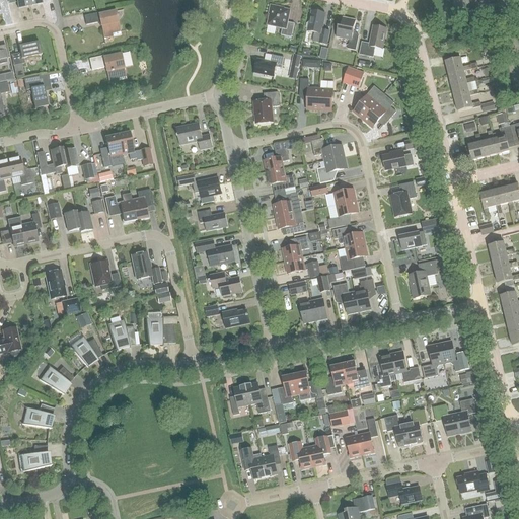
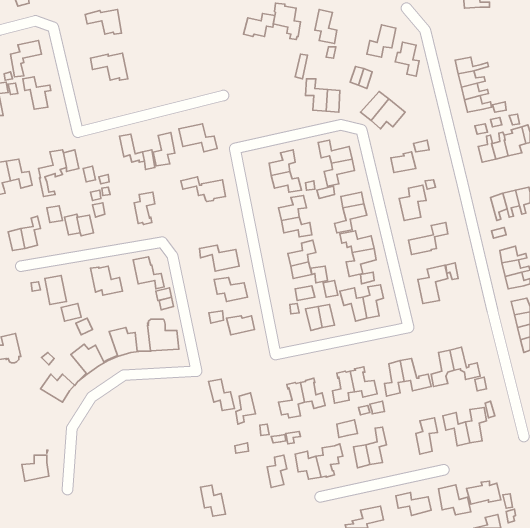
building: [335,15,358,49] -> [395,42,419,76]
building: [252,53,283,75] -> [244,14,275,36]
building: [252,90,279,122] -> none
building: [99,133,121,165] -> [153,133,175,166]
building: [104,195,135,222] -> none
building: [197,208,226,229] -> none
building: [244,381,270,412] -> [209,379,235,410]
building: [22,402,53,439] -> none
building: [383,414,410,445] -> none
building: [240,447,265,477] -> [200,485,225,516]
building: none -> [438,485,471,515]

